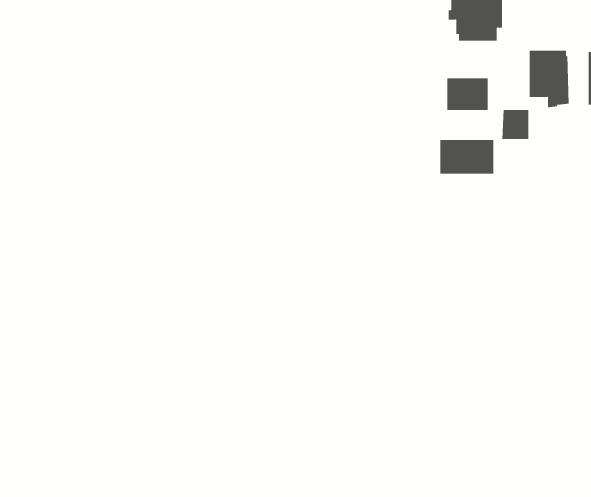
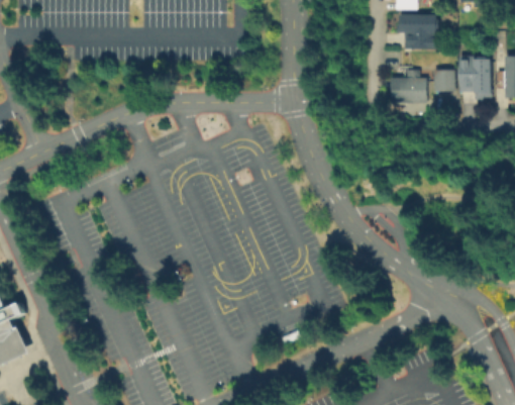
building: [502,109,529,140] -> [431,71,452,94]
building: [440,139,494,175] -> none

